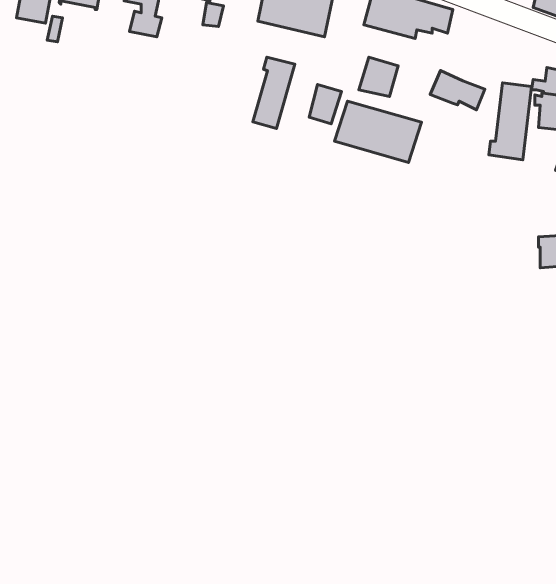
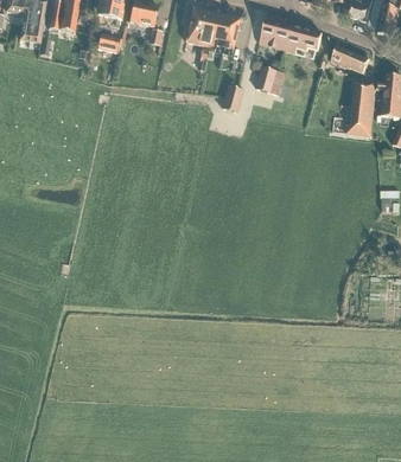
building: [253,57,295,128] -> none
building: [430,71,485,110] -> [331,45,369,72]
building: [335,101,421,162] -> none

